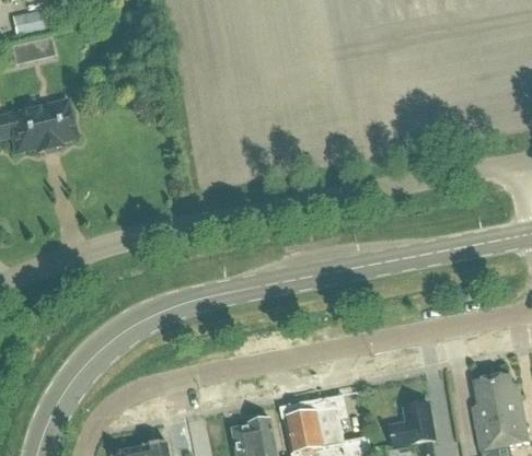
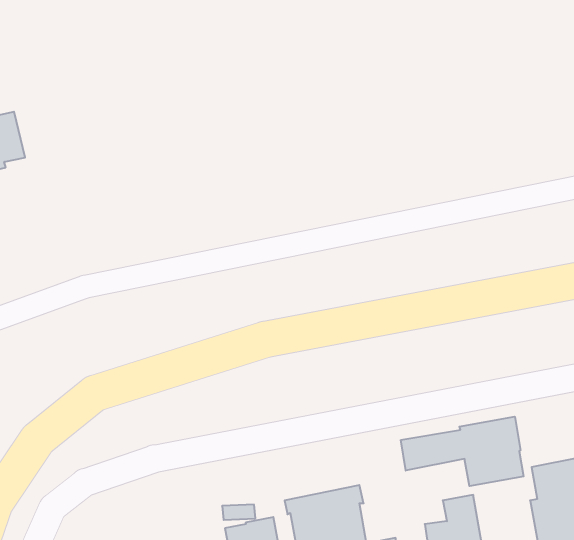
building: none -> [401,417,524,486]

